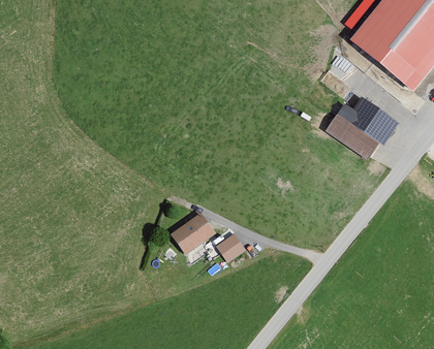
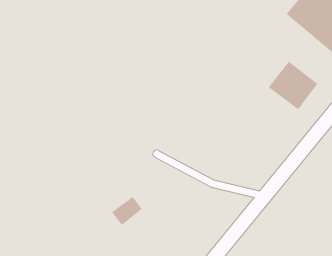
building: [172,219,210,255] -> [111,196,143,226]
building: [216,230,247,260] -> none

